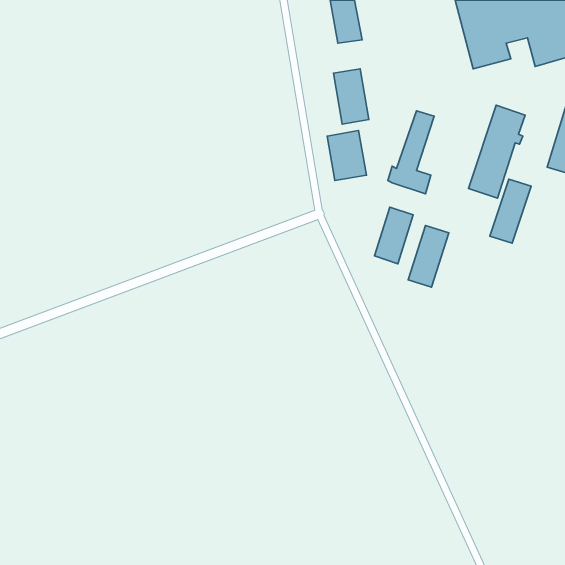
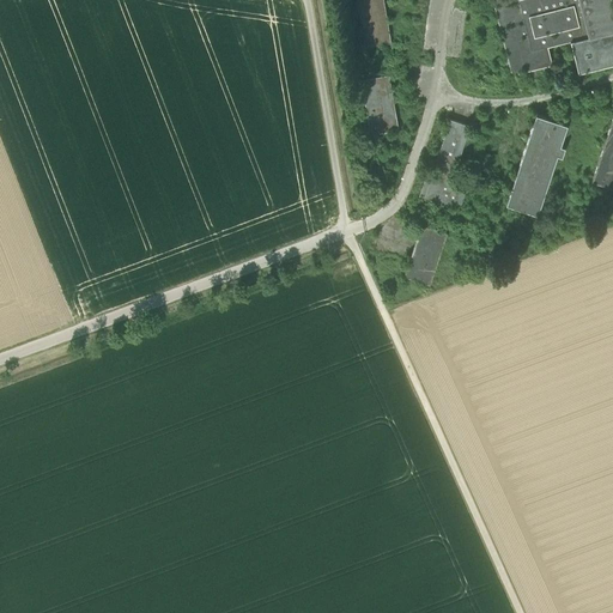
building: [327,130,366,181] -> none
building: [490,179,531,243] -> none
building: [408,225,449,287] -> none

